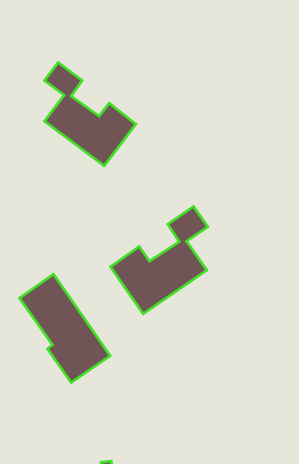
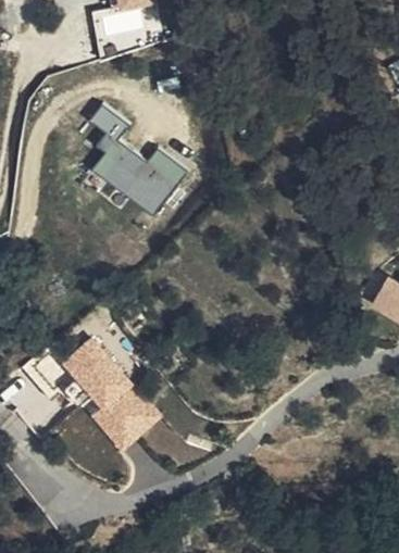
building: [111,207,208,314] -> none

